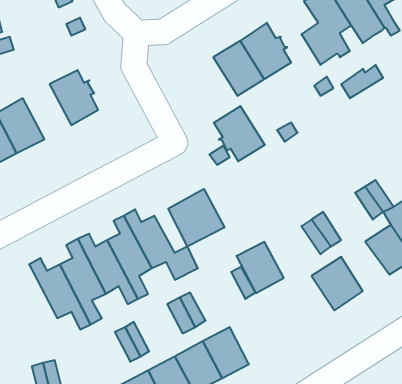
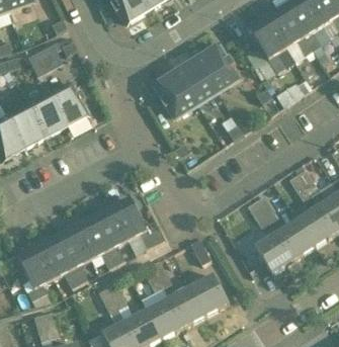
building: none -> [26,41,62,76]
building: none -> [26,93,65,137]
building: [214,106,265,161] -> [156,72,196,115]
building: [168,189,225,247] -> none
building: none -> [278,218,317,257]
building: [236,242,284,293] -> [190,274,228,315]
building: none -> [18,236,54,299]

